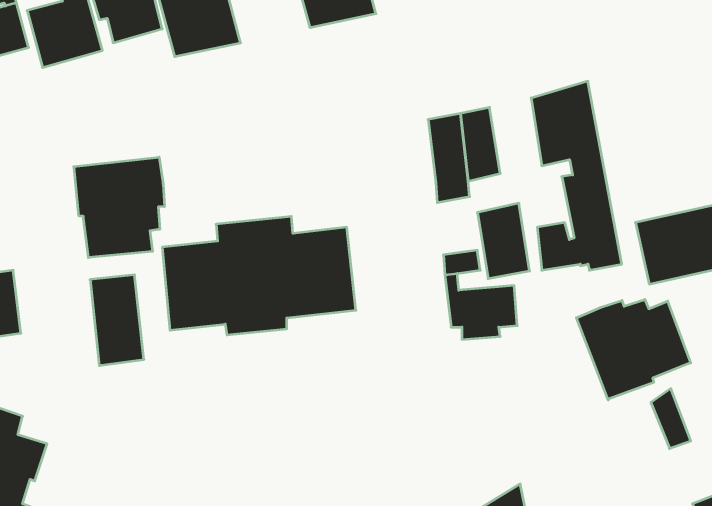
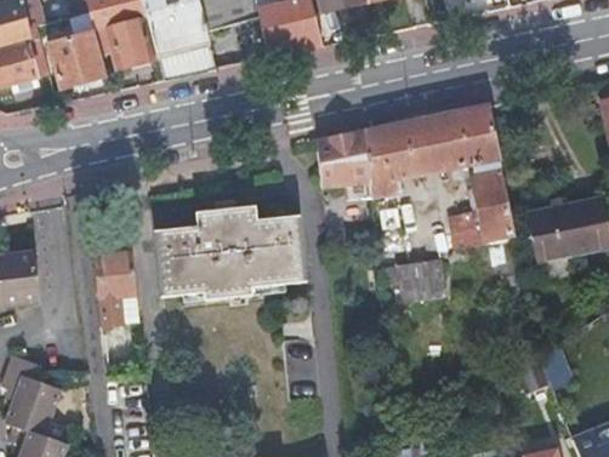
building: none -> [317,130,370,184]
building: [74,157,164,258] -> none
building: [477,203,530,279] -> [412,113,454,172]
building: [576,299,691,400] -> none

